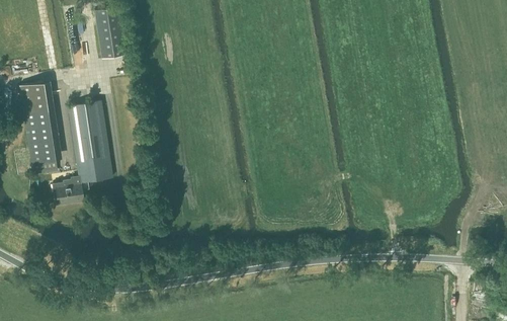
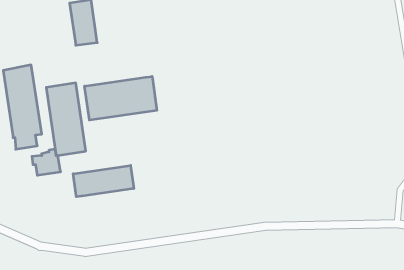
building: none -> [85,76,157,120]
building: none -> [73,165,134,197]

